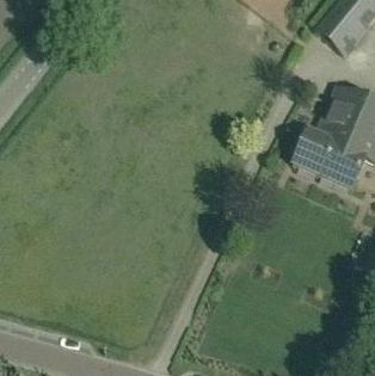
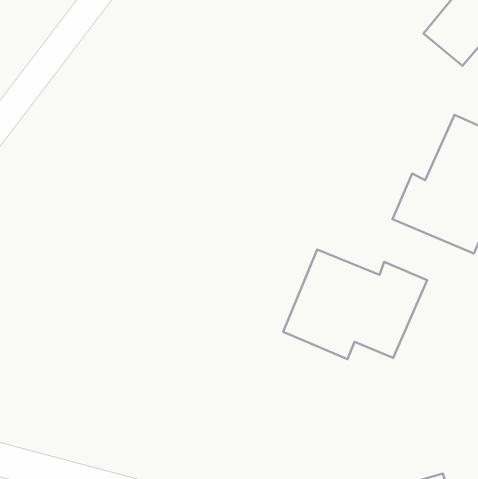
building: none -> [283,250,427,359]

